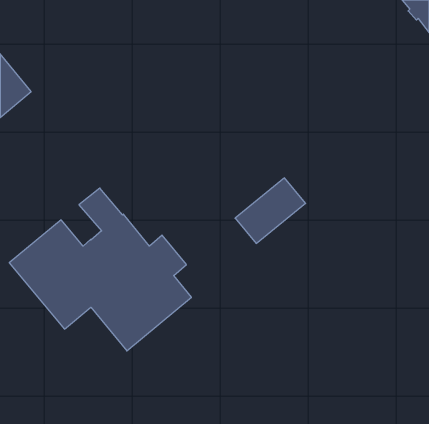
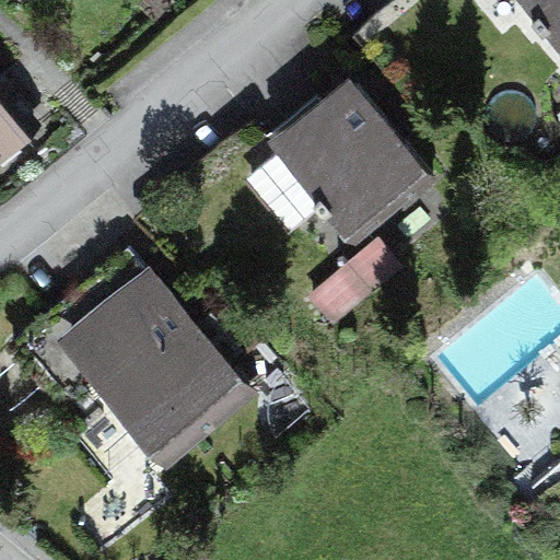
building: none -> [253,90,433,244]

